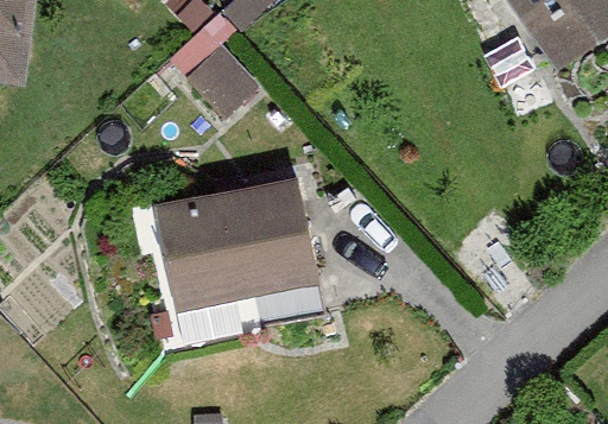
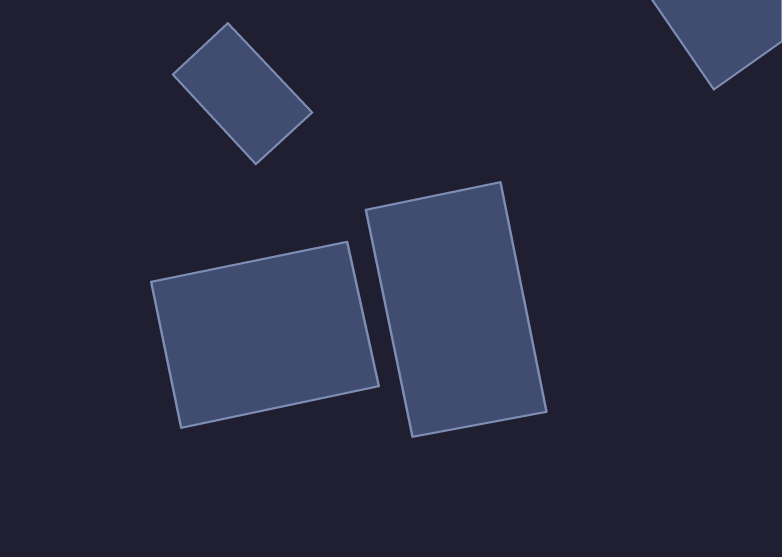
building: none -> [366,182,546,437]

